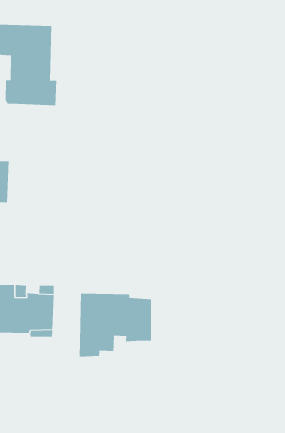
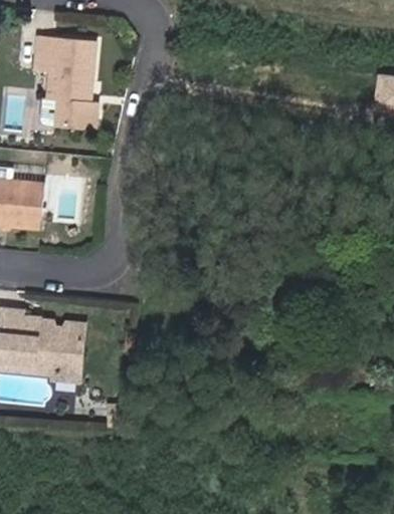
building: [79,293,152,357] -> none

